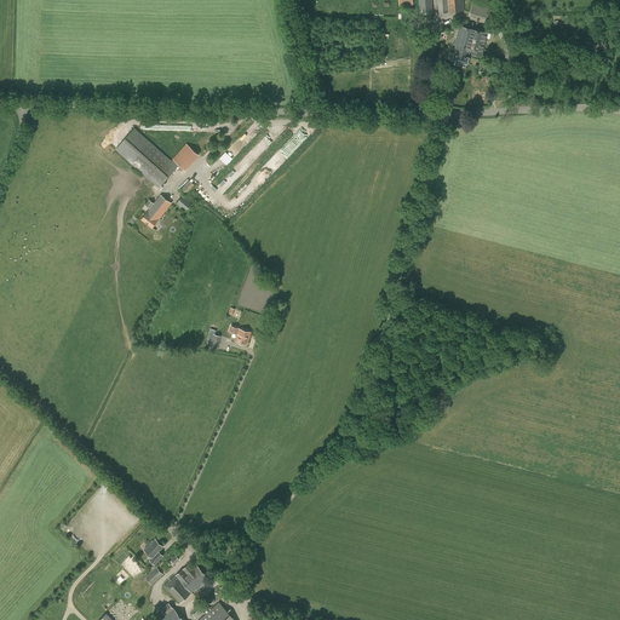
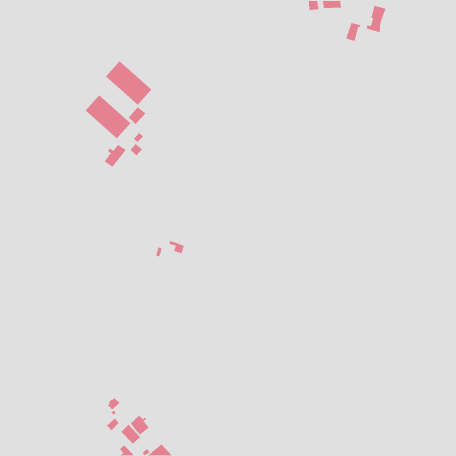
building: [448,25,476,64] -> [366,5,386,33]
building: none -> [105,60,152,106]

